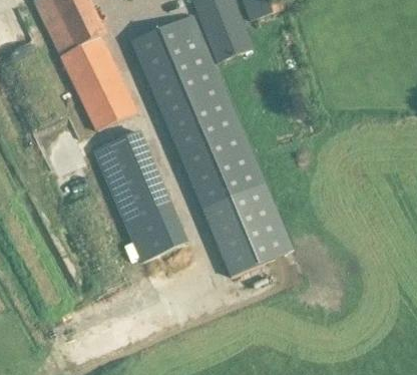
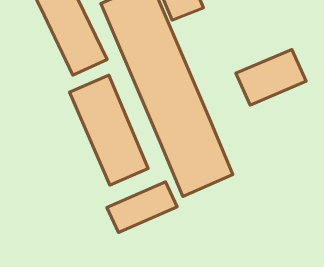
building: none -> [236,49,306,105]
building: none -> [107,182,177,232]

